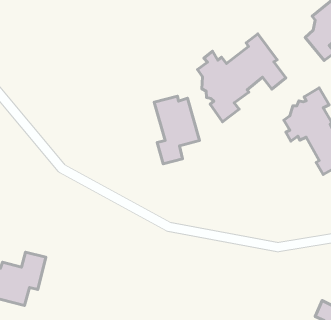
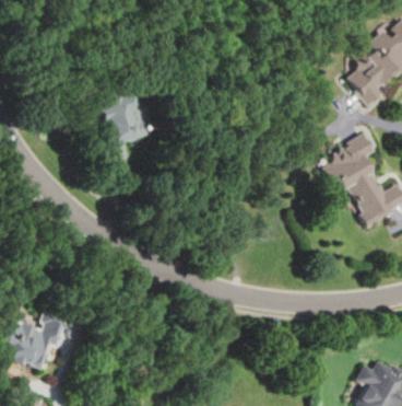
building: [198,34,286,122] -> none
building: [154,96,200,164] -> [100,89,150,162]

